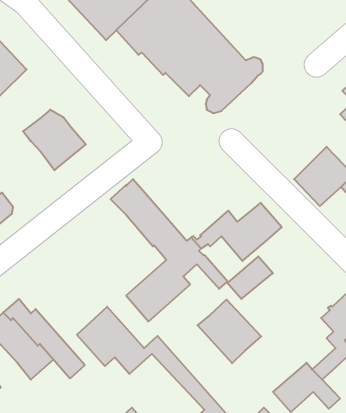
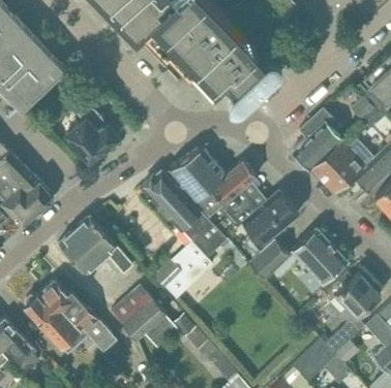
building: none -> [293,108,340,169]
building: none -> [169,150,258,221]
building: none -> [59,216,131,273]
building: [197,300,261,363] -> [290,227,349,286]

